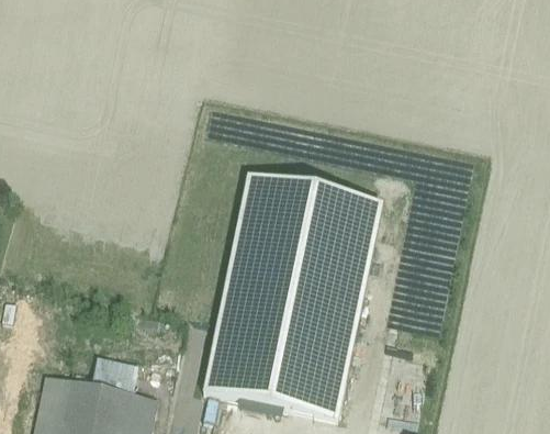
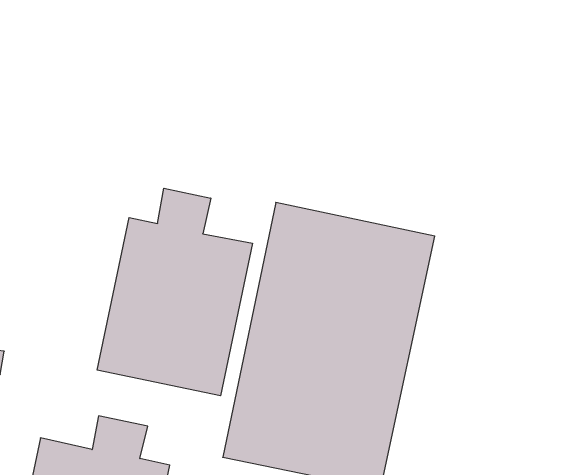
building: none -> [97,188,252,396]

